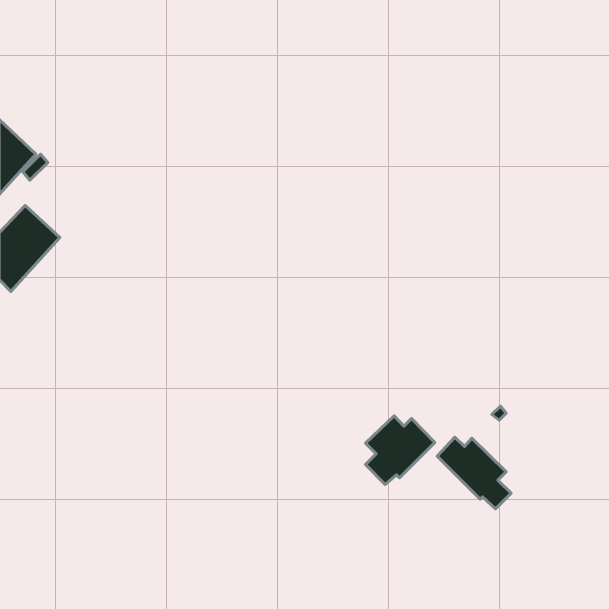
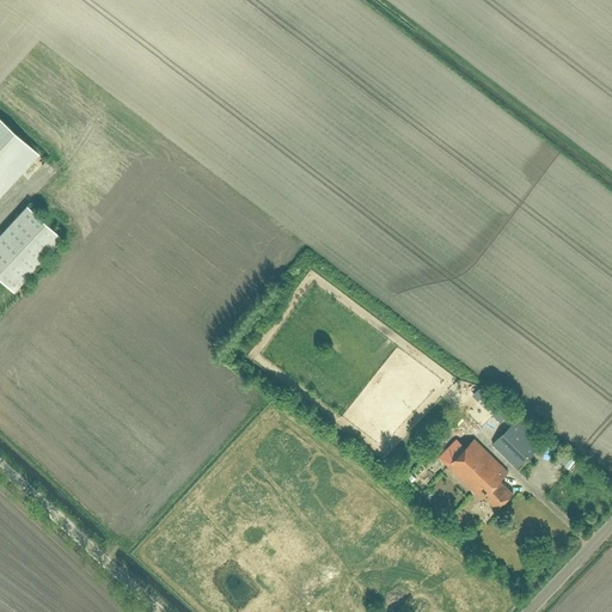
building: none -> [491,415,545,469]
building: [365,416,435,484] -> none

